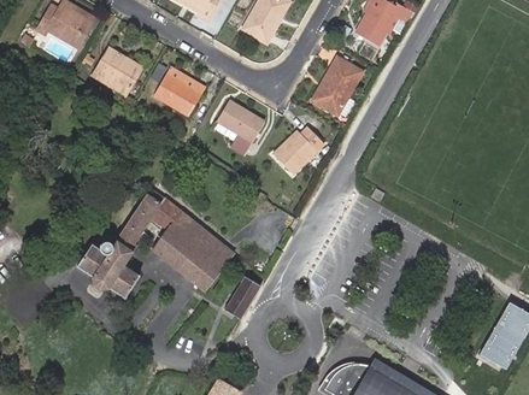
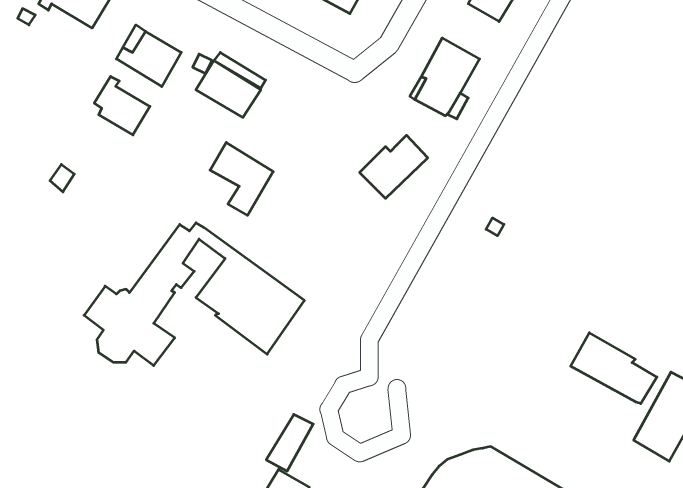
building: none -> [94,76,150,135]
building: [218,100,265,154] -> [210,142,273,215]
building: [229,273,264,316] -> [266,414,313,471]
building: none -> [571,333,657,404]

